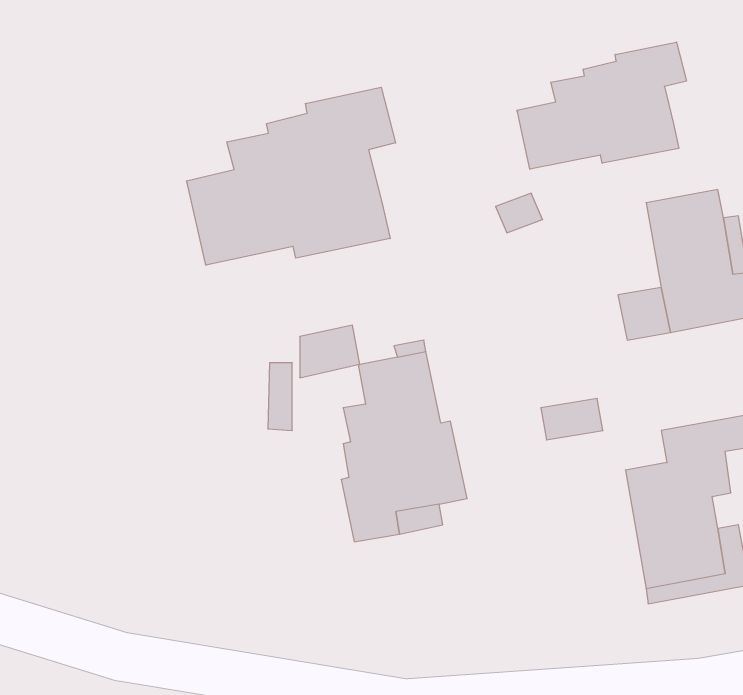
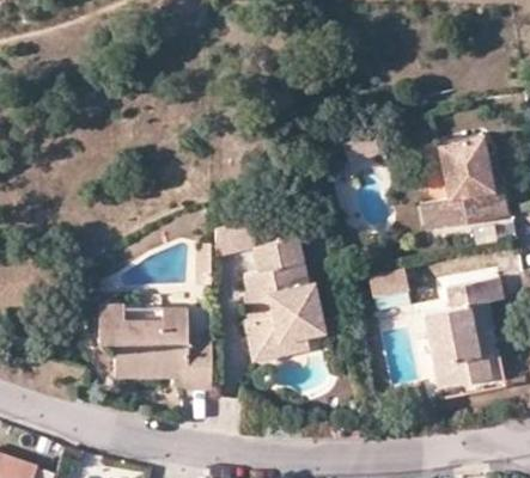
building: [517,42,686,169] -> none
building: [186,87,396,265] -> none
building: none -> [99,307,212,388]

